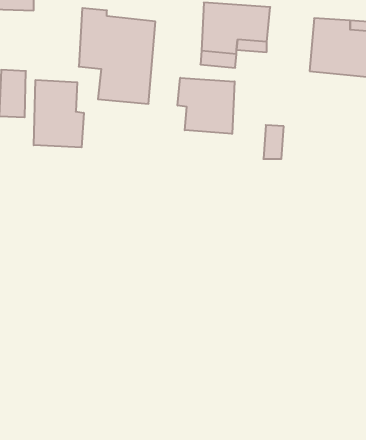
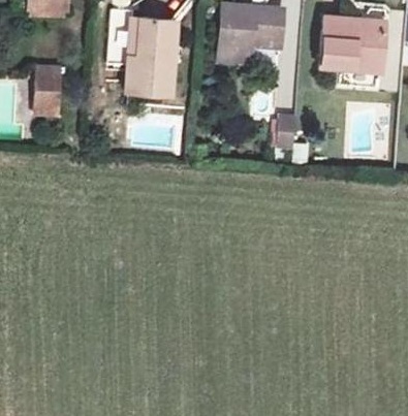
building: [178,78,235,134] -> none
building: [34,80,84,147] -> none

